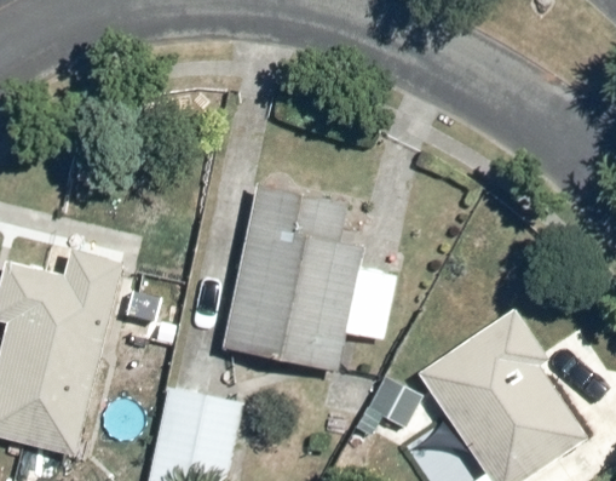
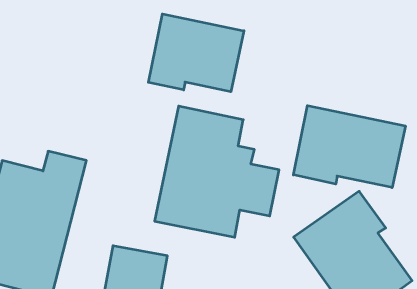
building: none -> [148,14,244,92]
building: none -> [293,106,405,188]

